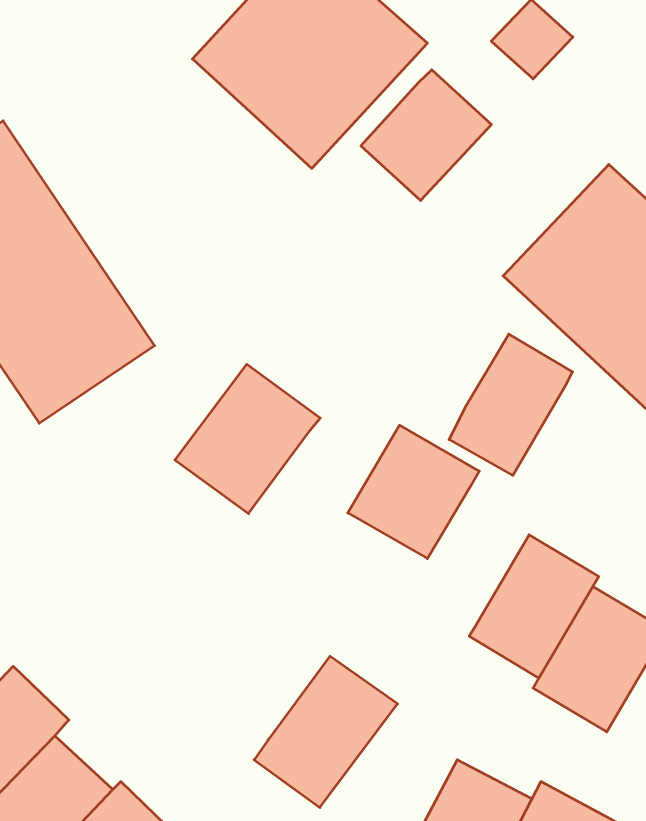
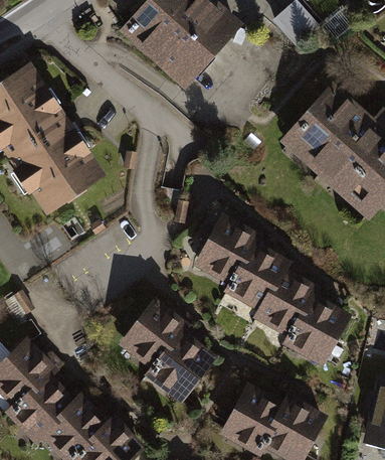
building: [361,70,491,201] -> none
building: [449,334,573,475] -> [231,246,294,317]
building: [175,364,320,514] -> [122,299,195,374]

